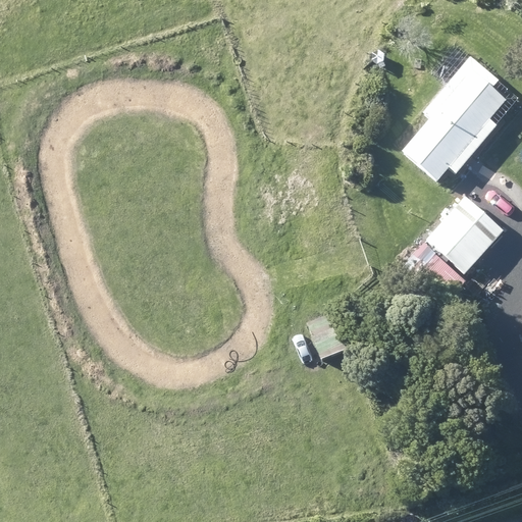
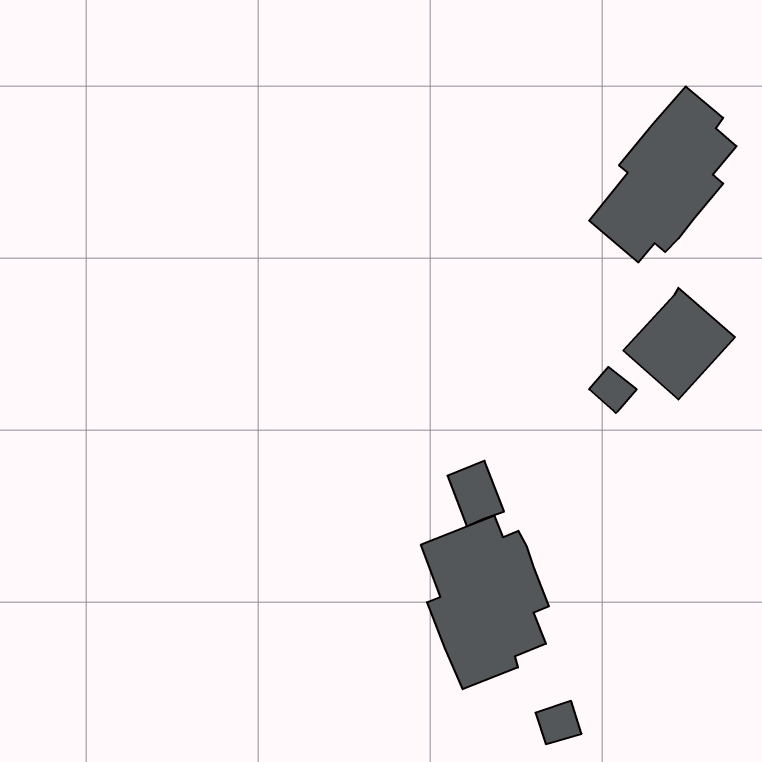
building: none -> [421,516,549,689]

